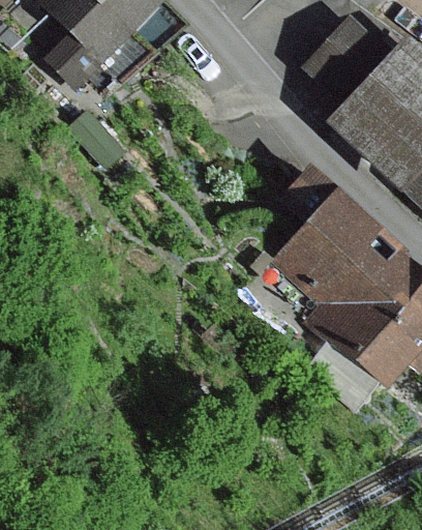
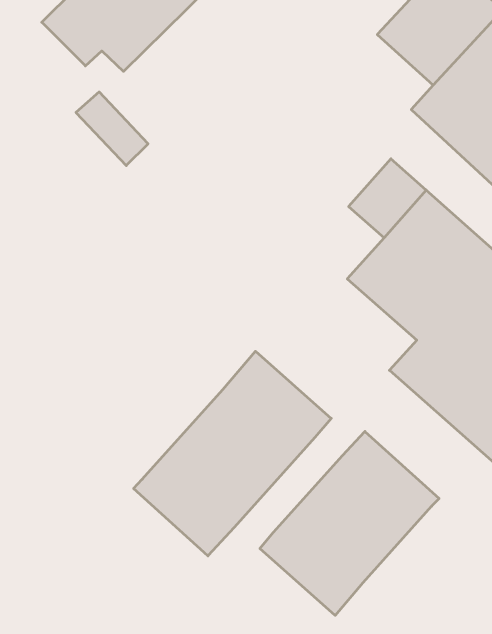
building: none -> [134,351,331,556]
building: none -> [260,431,439,615]

